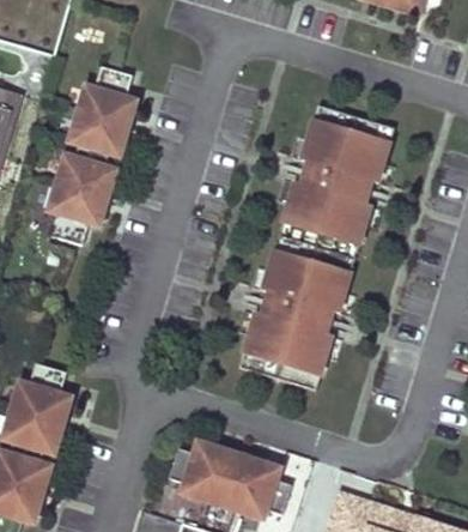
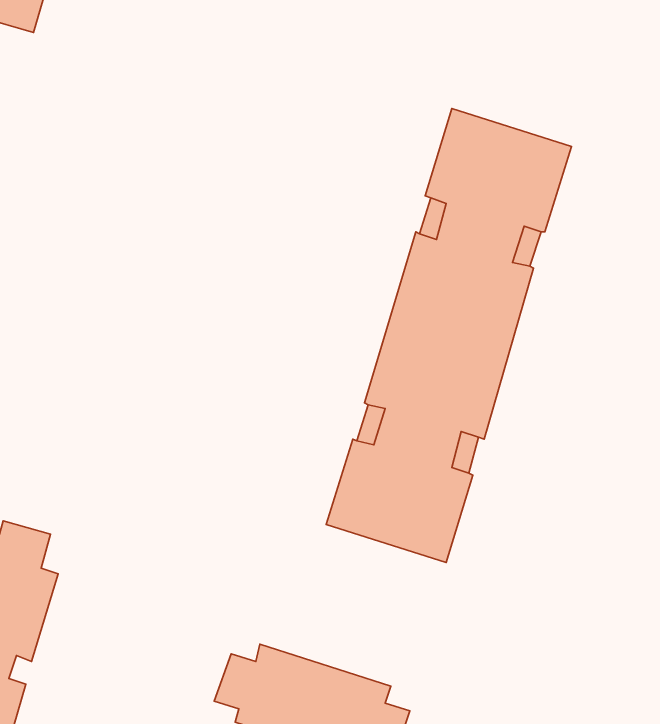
building: [50,65,135,243] -> none

